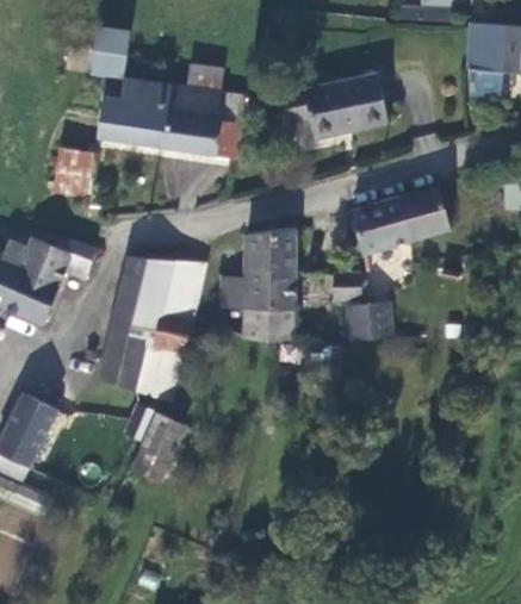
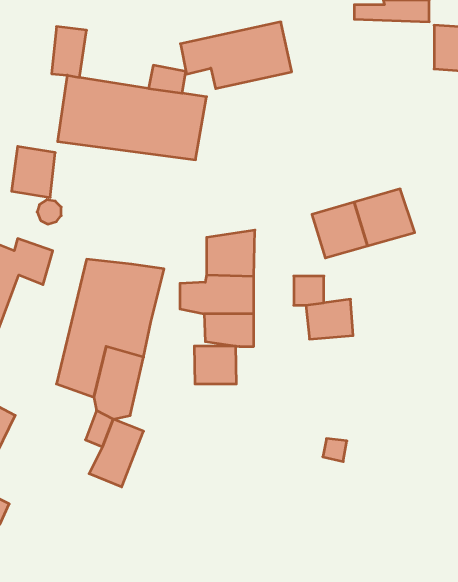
building: [280,73,390,138] -> [180,22,292,89]
building: none -> [194,346,236,384]

